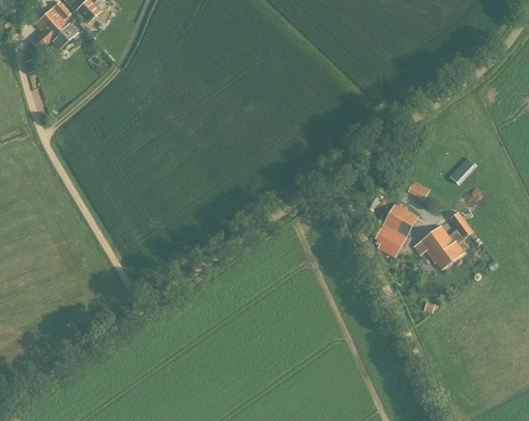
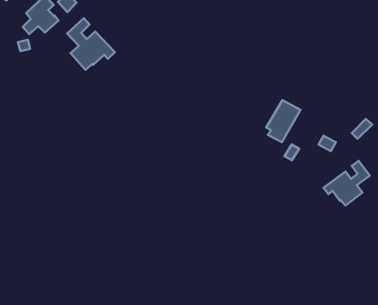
building: none -> [67,18,115,70]
building: [374,204,417,258] -> [266,100,300,142]

